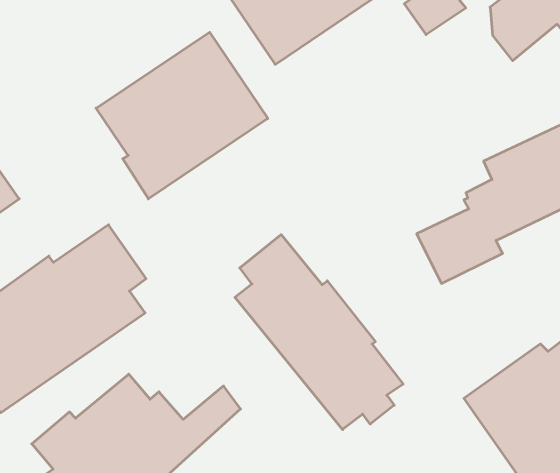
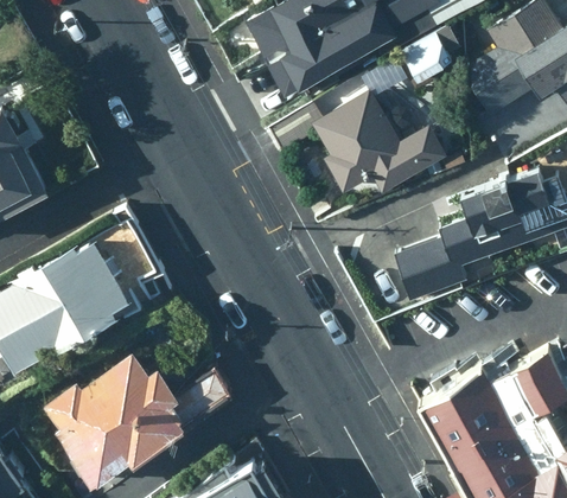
building: [96,32,268,199] -> none
building: none -> [268,90,448,192]
building: [235,235,403,430] -> none

